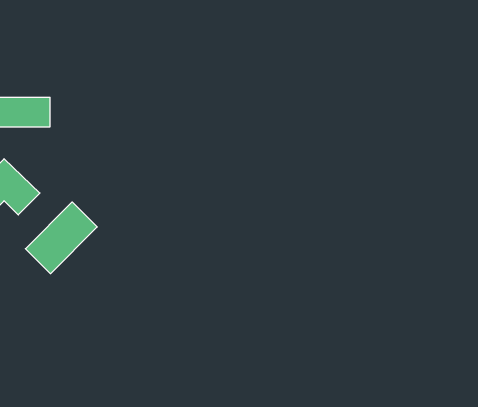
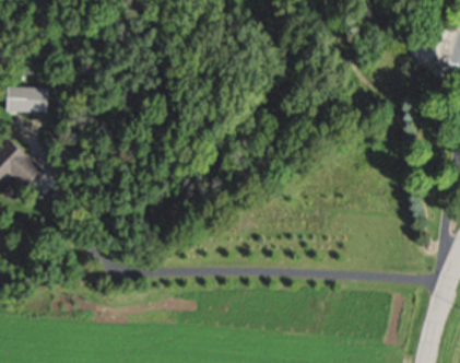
building: [25,202,97,274] -> none

